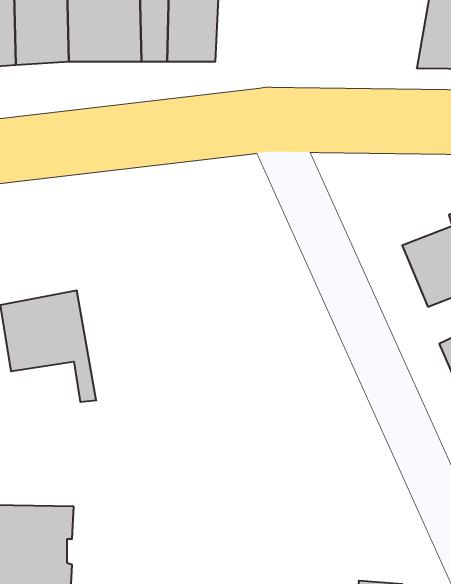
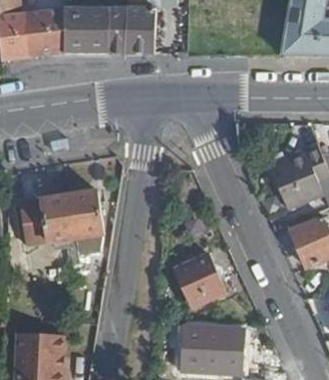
building: none -> [67,192,103,265]
building: none -> [176,248,227,302]
building: none -> [183,322,245,372]

